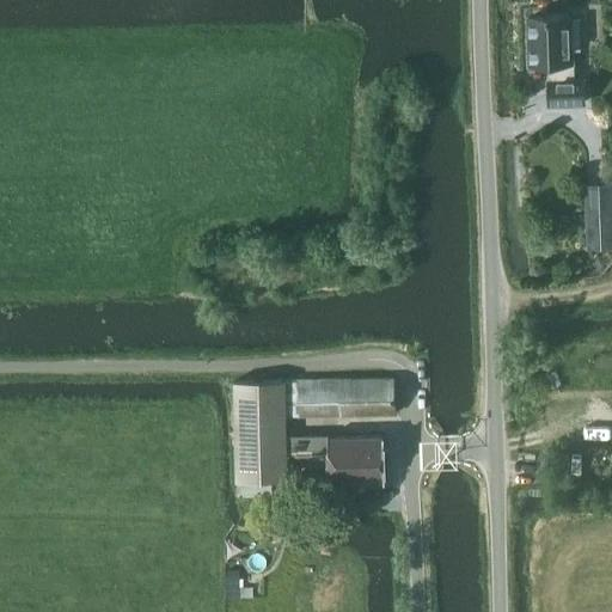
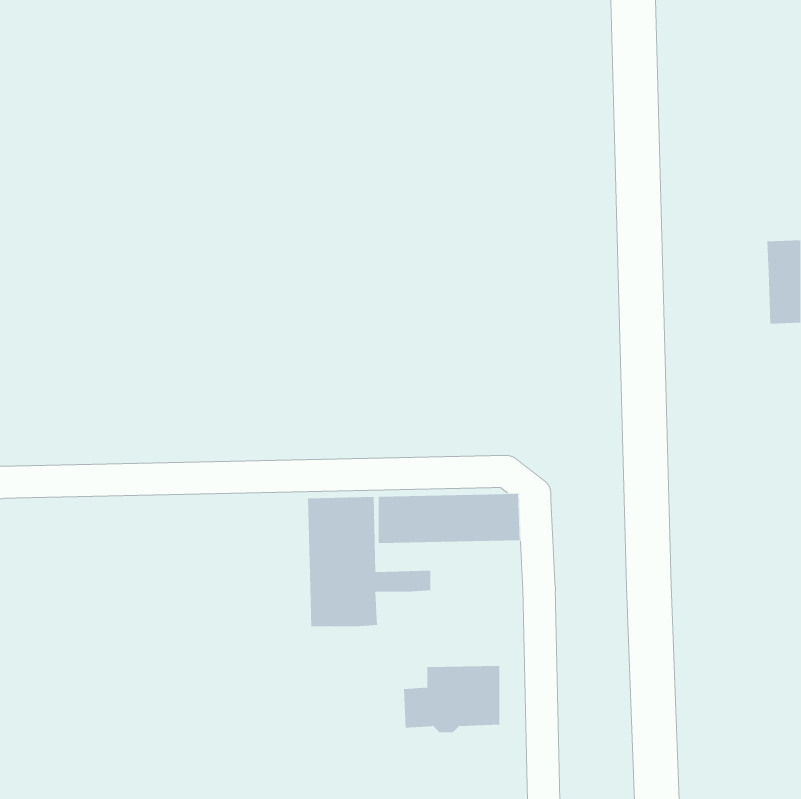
building: [530,16,585,104] -> none
building: [311,435,385,486] -> [403,665,500,733]

